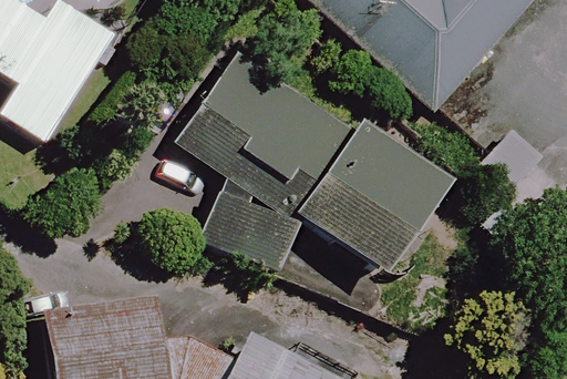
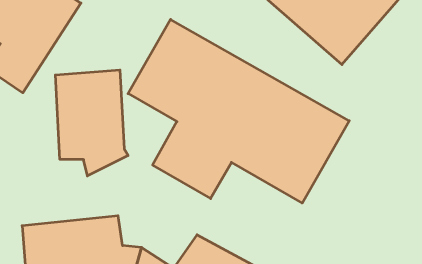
building: none -> [55,70,128,176]

